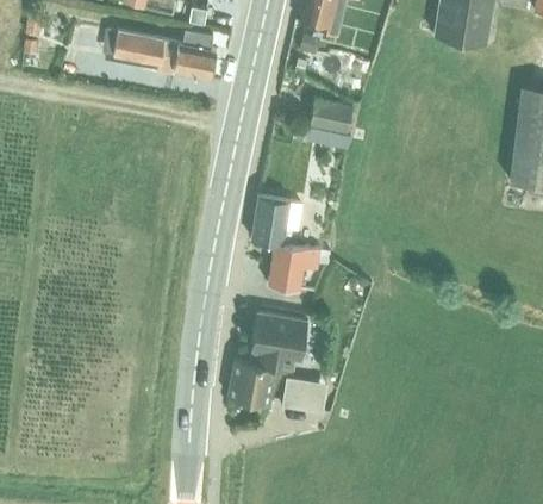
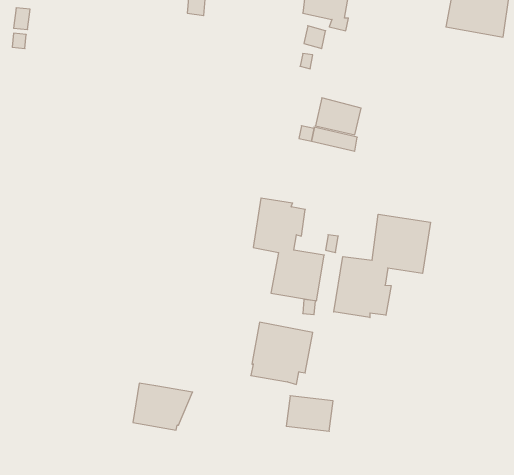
building: [102,27,218,77] -> none
building: none -> [334,214,430,318]
building: [227,361,283,405] -> [133,383,193,430]

